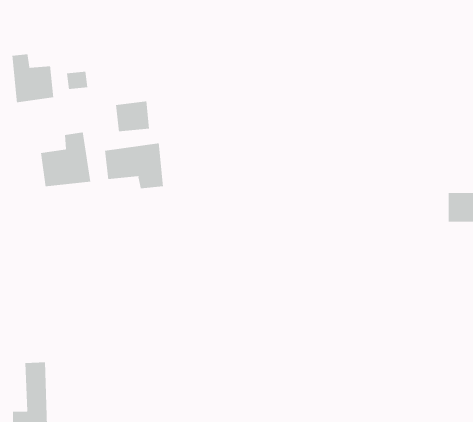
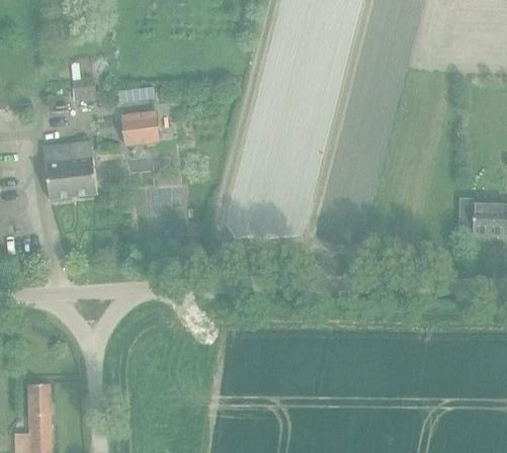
building: [12,54,54,103] -> none
building: [105,143,164,189] -> none

